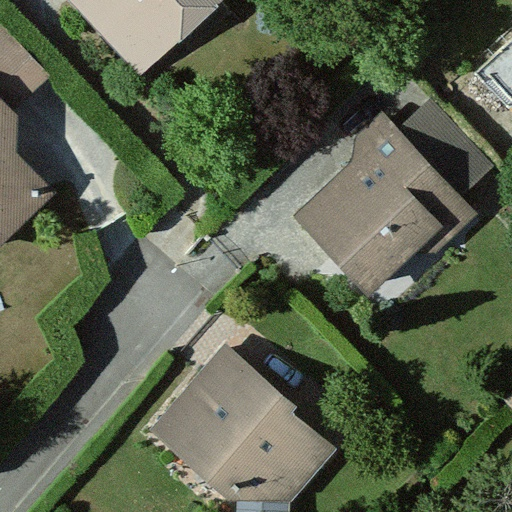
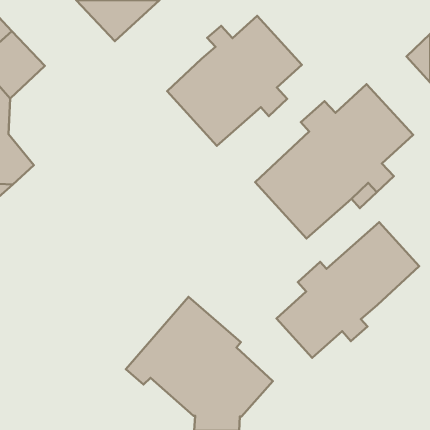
building: none -> [167,16,302,146]
building: none -> [276,222,419,358]

